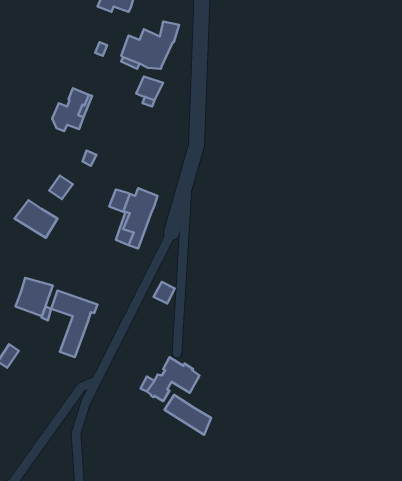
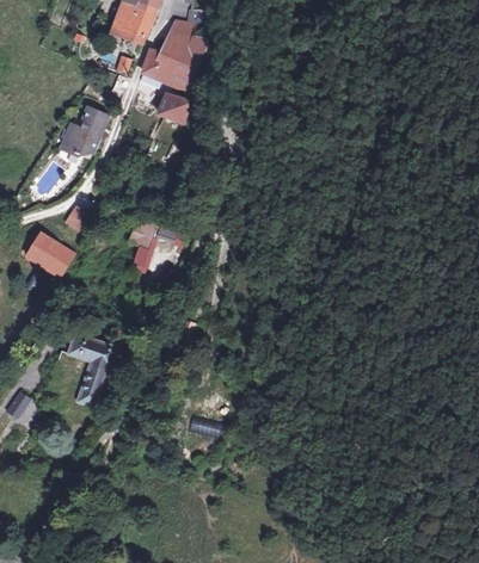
building: none -> [111,18,151,43]
building: none -> [167,19,192,51]
building: [15,278,53,316] -> none
building: [164,395,211,435] -> none

